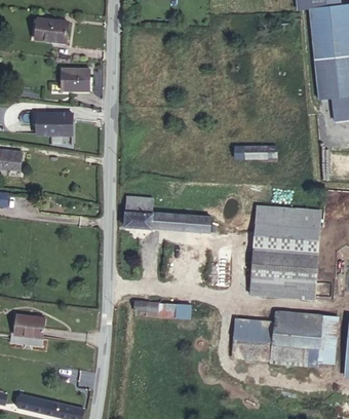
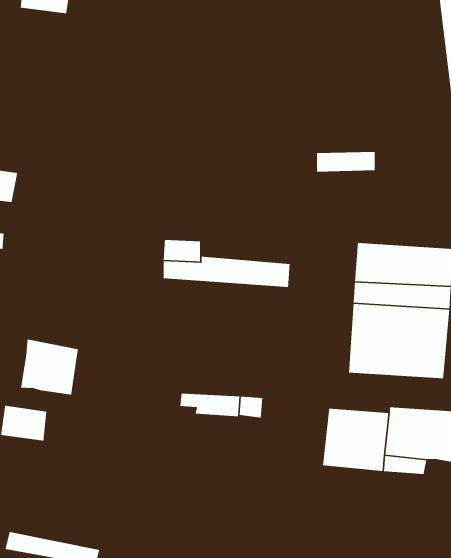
building: [56,68,86,90] -> none
building: [32,115,68,139] -> none
building: none -> [20,339,79,395]

